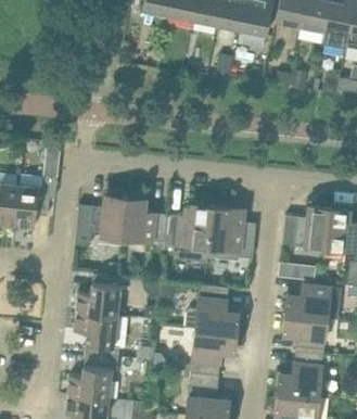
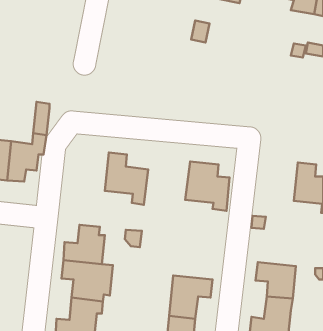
building: [74,194,125,246] -> none
building: [163,204,213,263] -> none
building: [282,205,329,249] -> none
building: [183,285,239,333] -> none
building: [285,285,341,320] -> none

